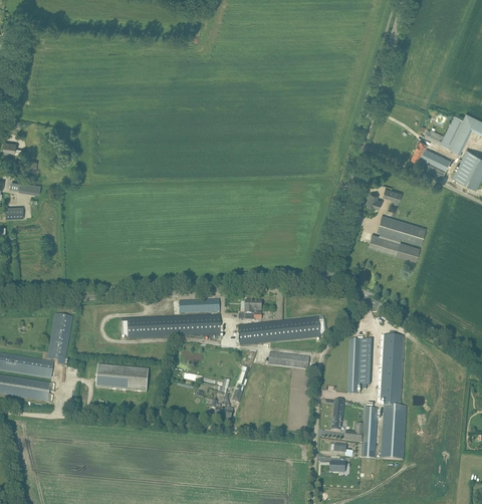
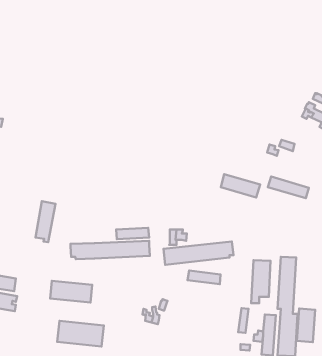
building: [377,215,426,244] -> [221,174,260,197]
building: [47,313,72,364] -> [35,201,55,242]
building: none -> [297,308,315,342]
building: none -> [57,321,104,346]

